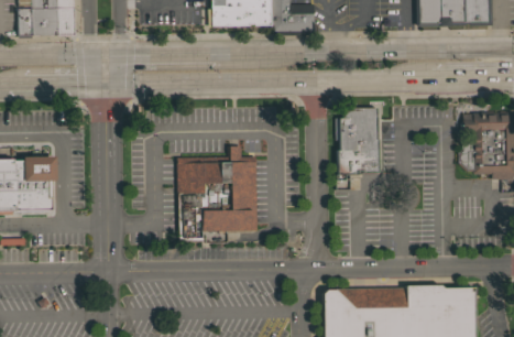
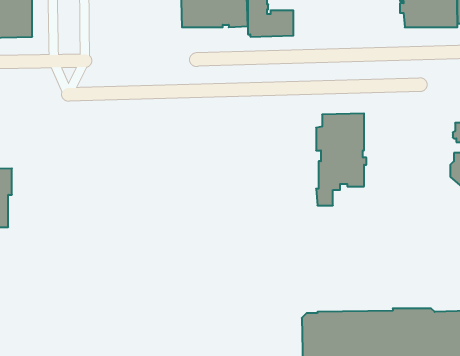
building: [177,145,258,240] -> none

